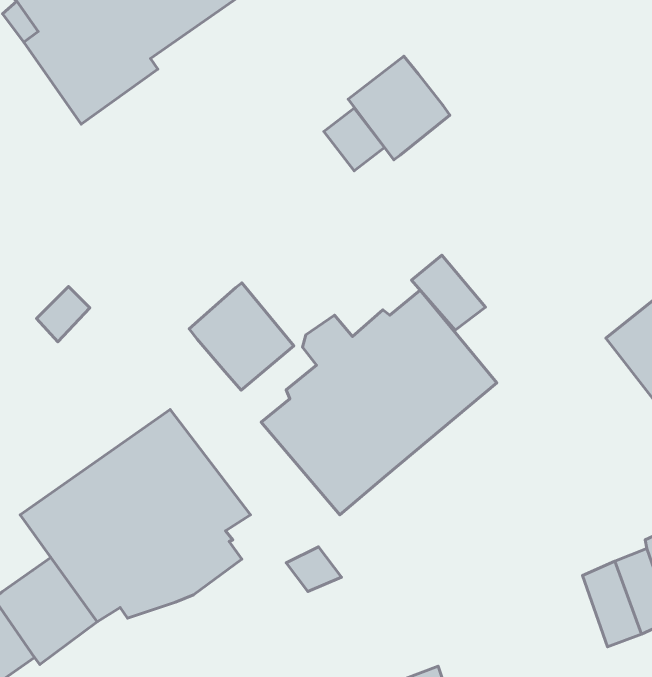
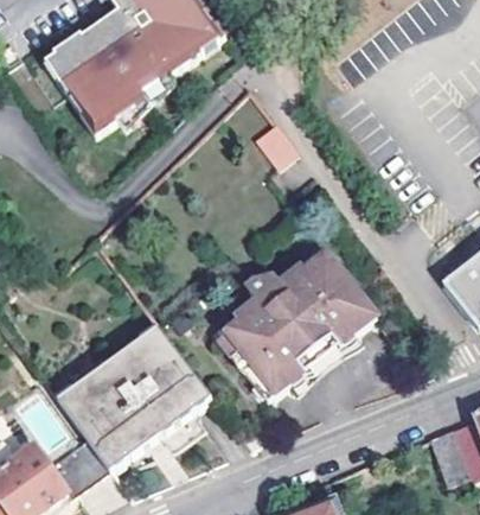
building: [348,56,450,160] -> none
building: [412,255,486,330] -> none
building: [189,283,294,390] -> none

